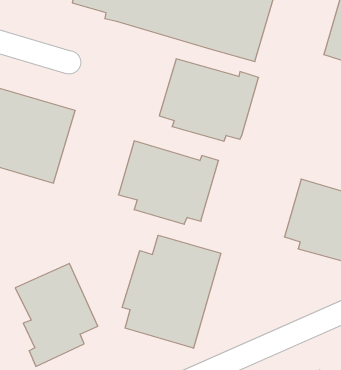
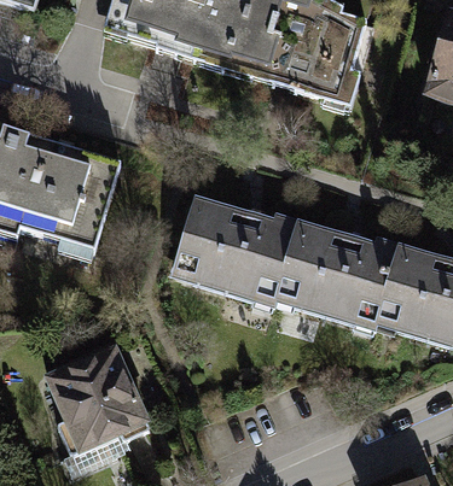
building: [159,59,259,141] -> [275,222,397,323]
building: [122,235,221,348] -> none

